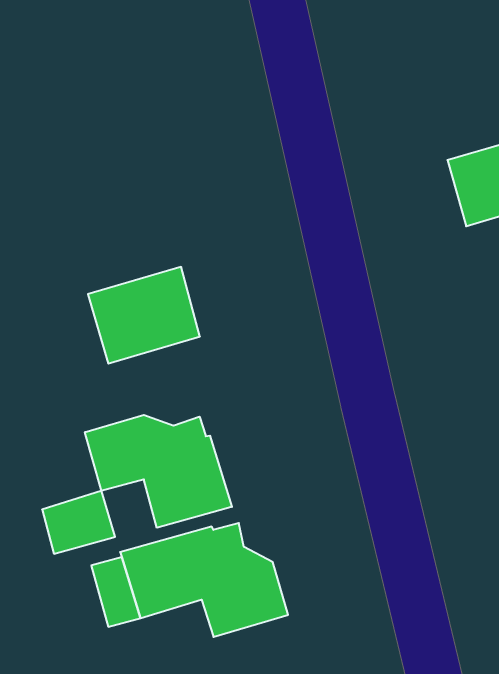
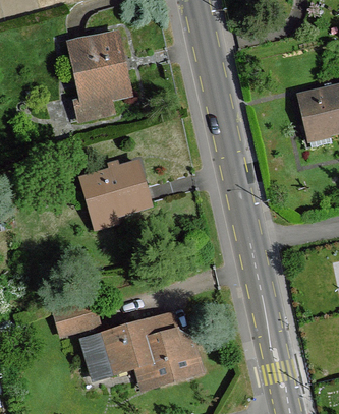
building: none -> [68,33,128,118]
building: [85,415,232,528] -> none

